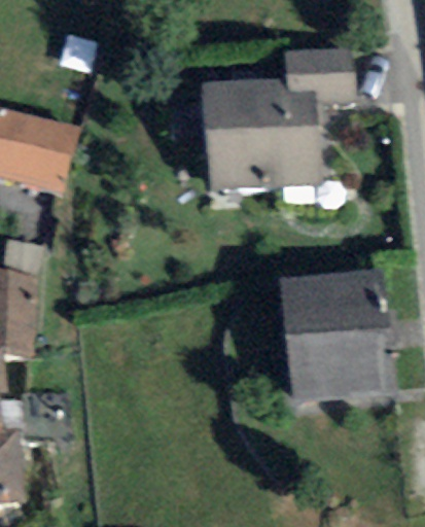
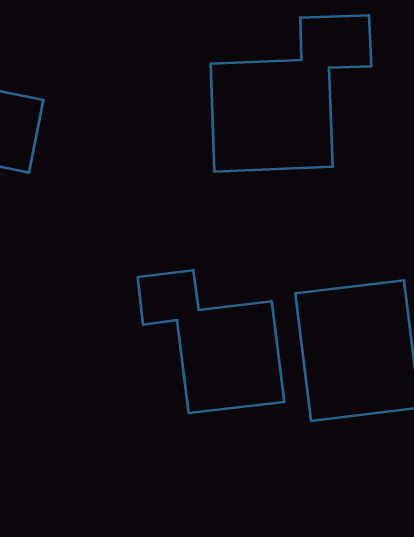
building: none -> [138,270,284,413]

